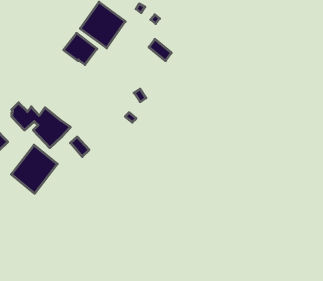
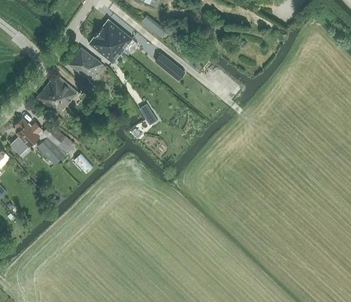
building: none -> [36,74,78,115]
building: [11,145,57,193] -> none

